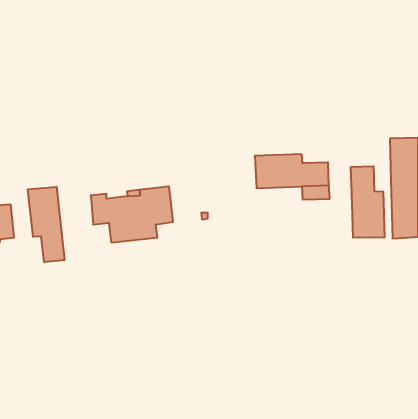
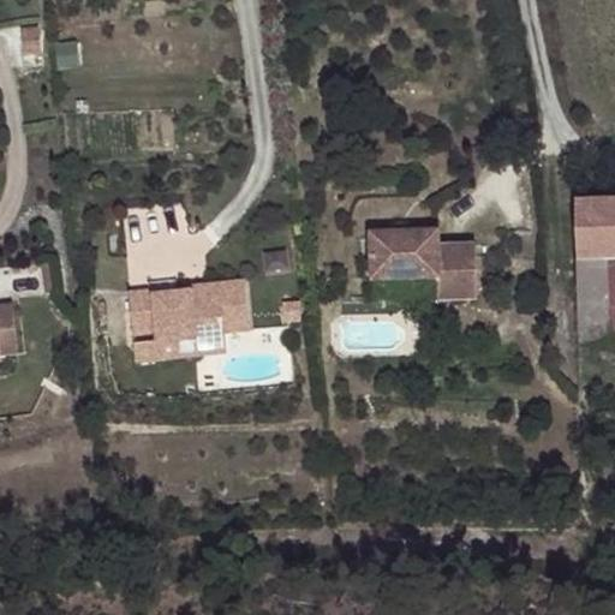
building: [351,166,385,238] -> none
building: [28,187,65,262] -> none

